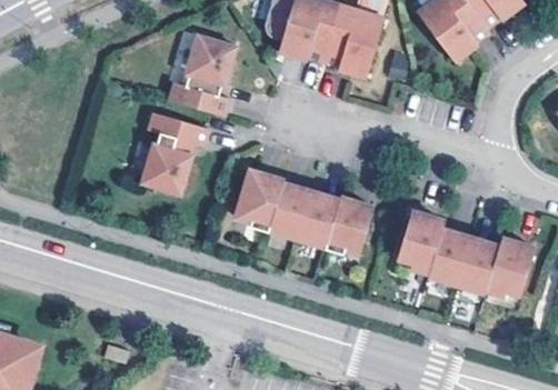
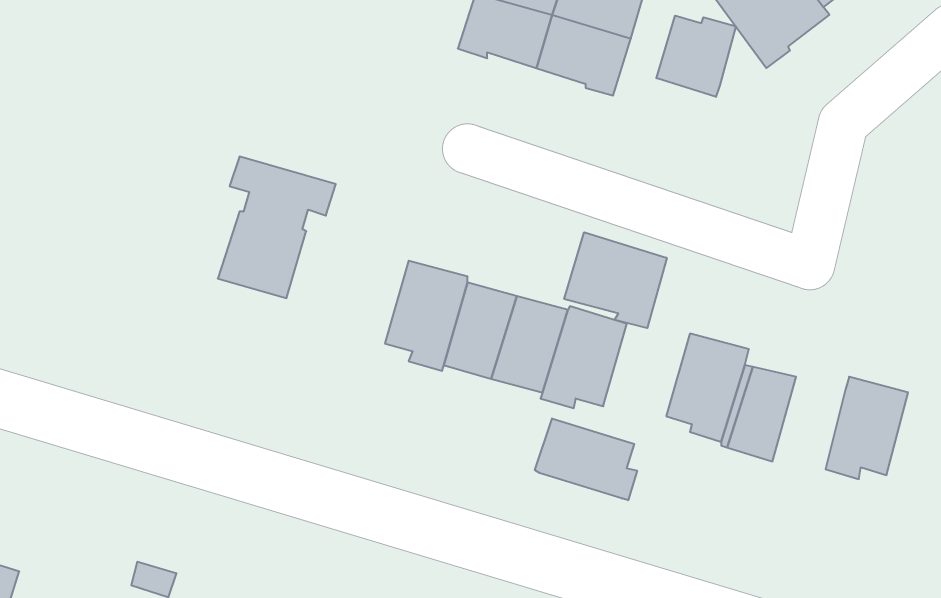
building: none -> [656,16,736,97]
building: [170,33,237,114] -> none
building: none -> [564,232,667,328]
building: [456,236,497,290] -> none
building: none -> [535,418,637,500]

